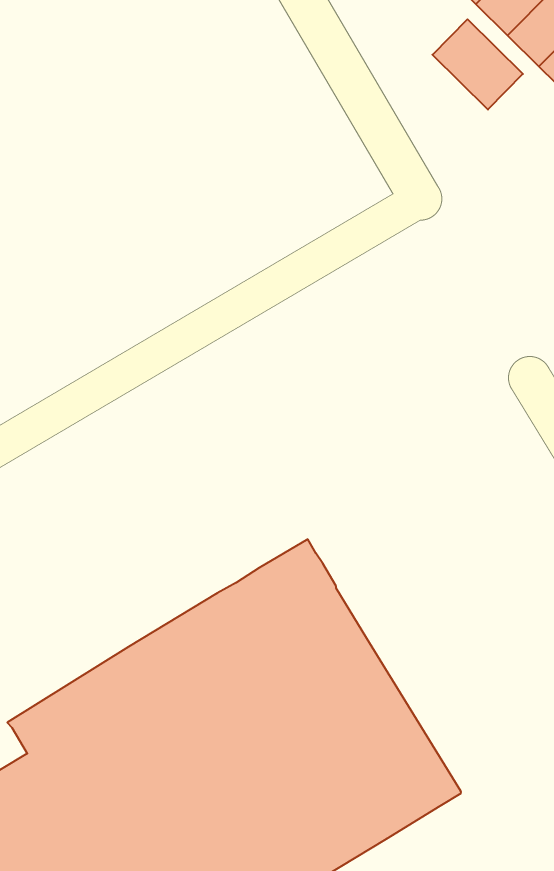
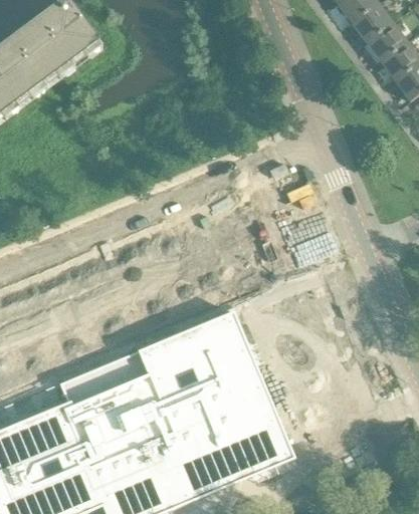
building: [432,19,523,110] -> none

